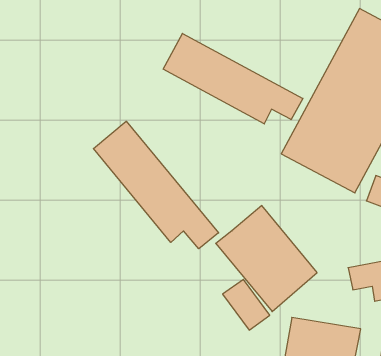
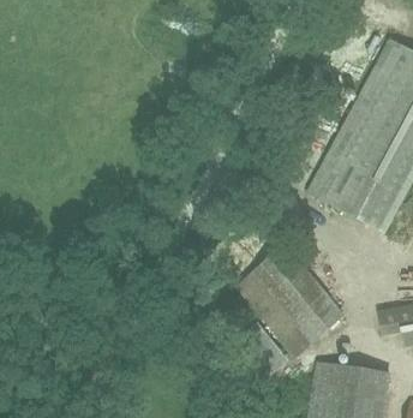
building: [163,33,303,124] -> none
building: [93,121,219,249] -> none

